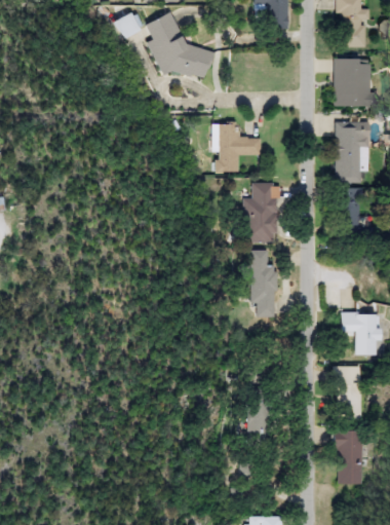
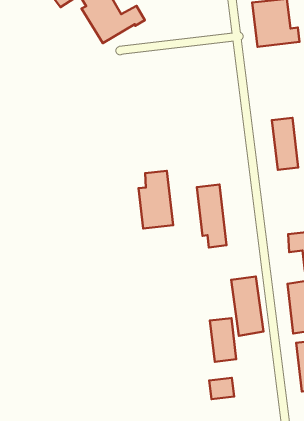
building: [217,122,261,172] -> none
building: [335,122,366,181] -> none
building: [243,182,276,241] -> [138,171,173,229]
building: none -> [231,276,263,336]

